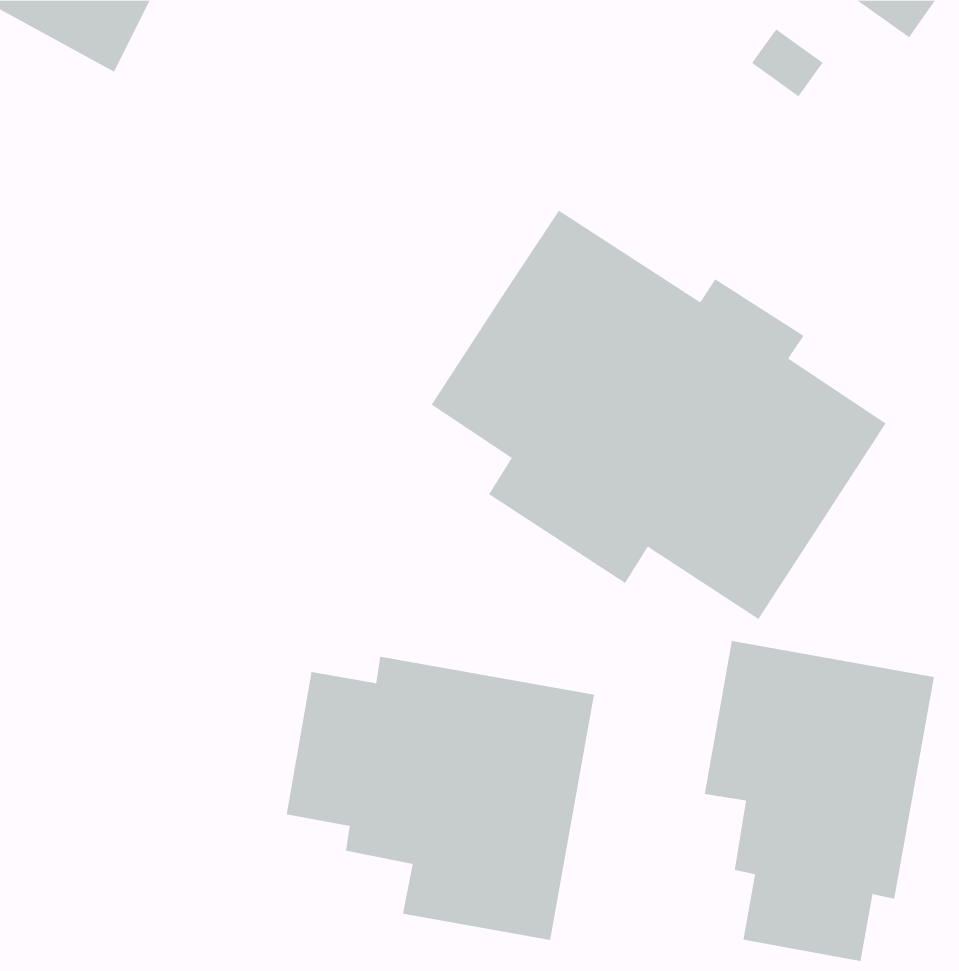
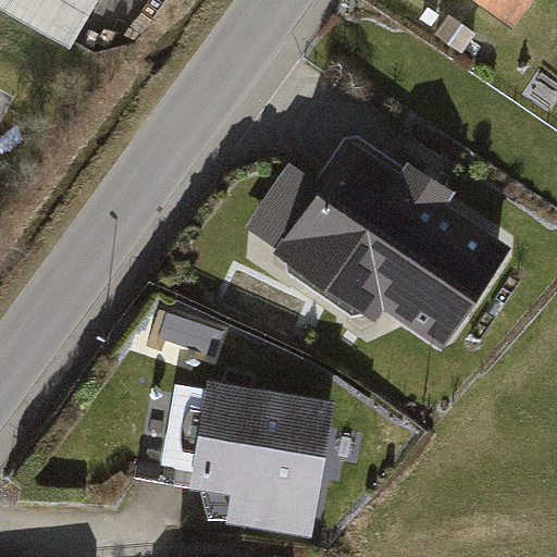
building: [704,640,935,962] -> none

